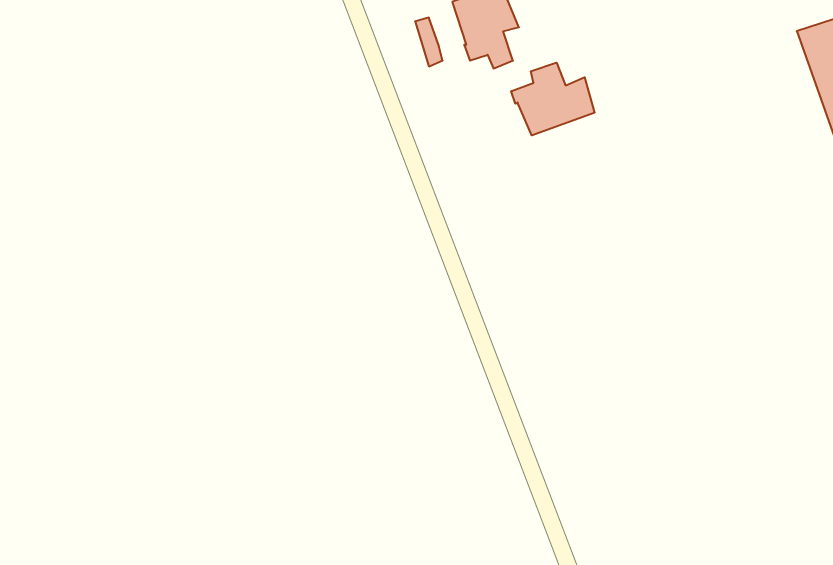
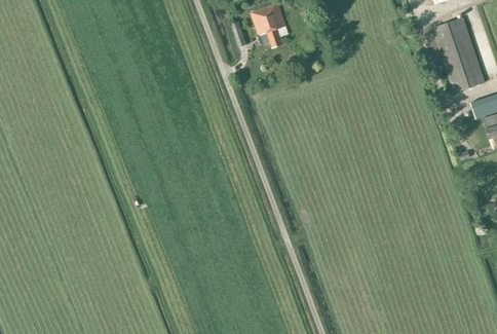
building: [511,63,595,135] -> none

